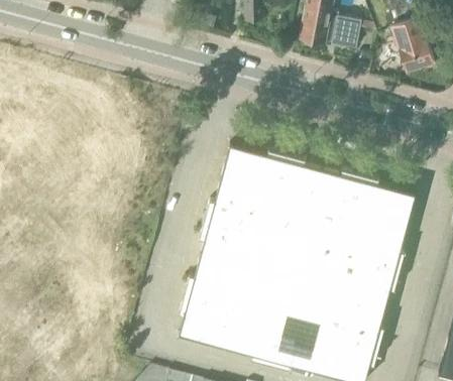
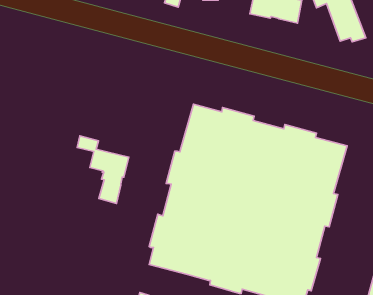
building: none -> [77,136,129,203]

